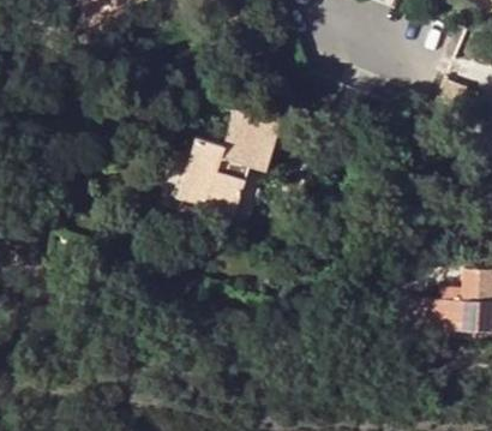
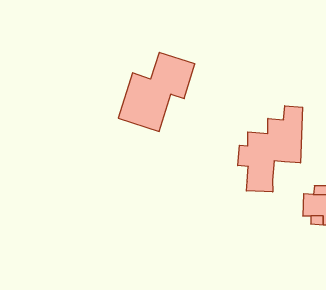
building: none -> [238,106,303,192]

